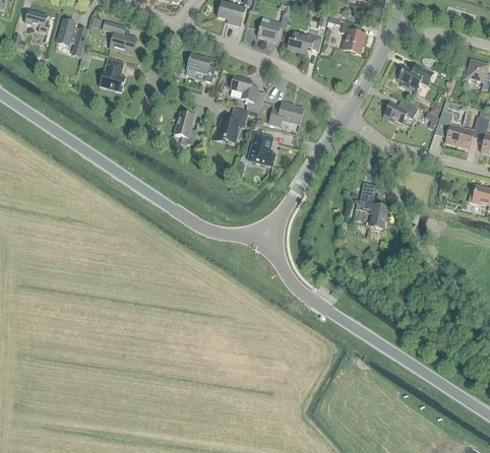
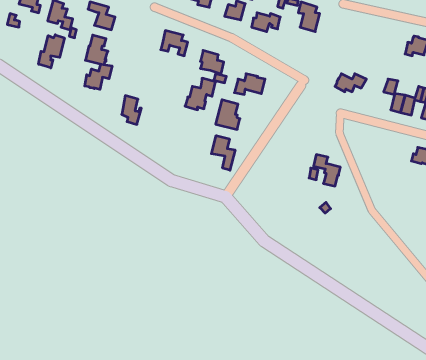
building: none -> [39,35,64,68]
building: [397,63,434,89] -> none
building: none -> [85,64,112,89]
building: [175,111,197,143] -> [122,96,141,124]
building: none -> [211,136,235,170]

